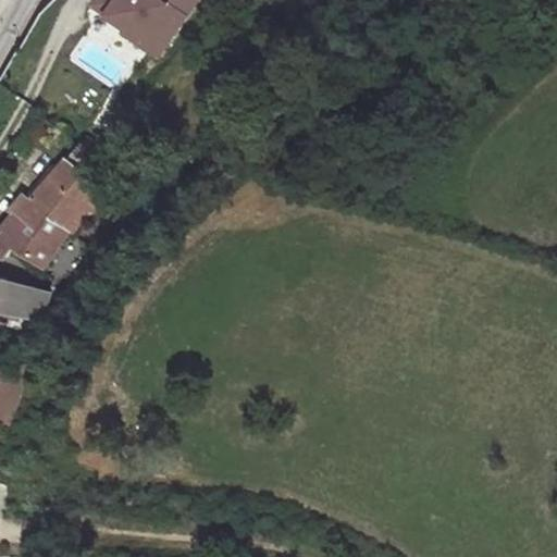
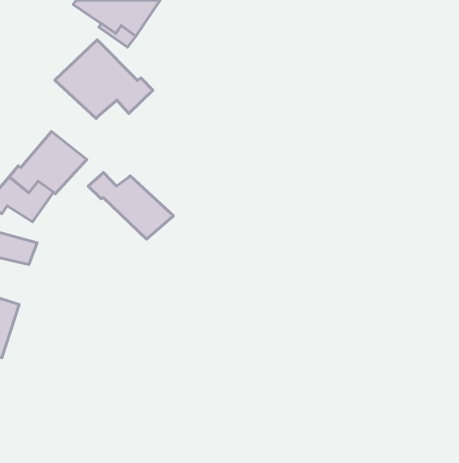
building: none -> [55,40,153,118]
building: none -> [88,173,174,239]

